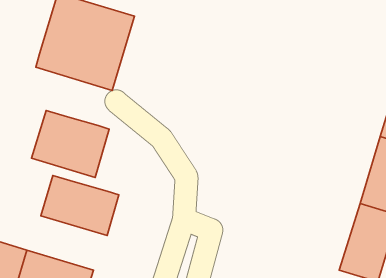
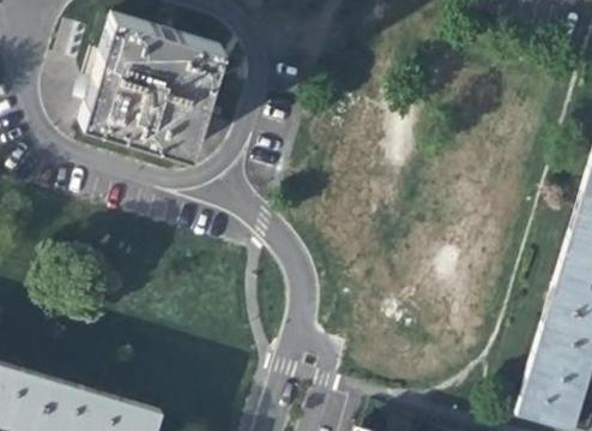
building: [32,110,109,178] -> none
building: [41,175,119,236] -> none

